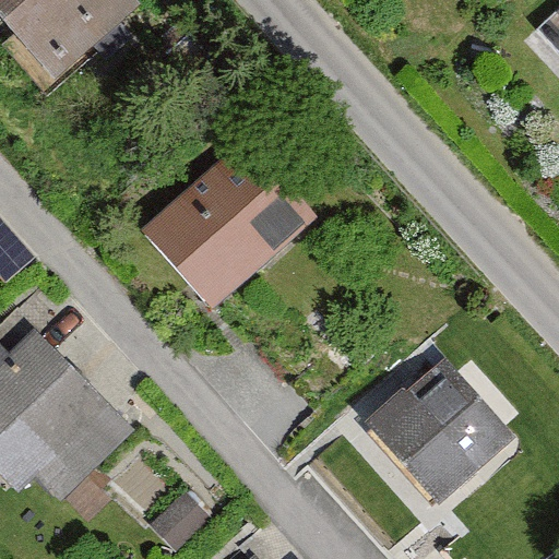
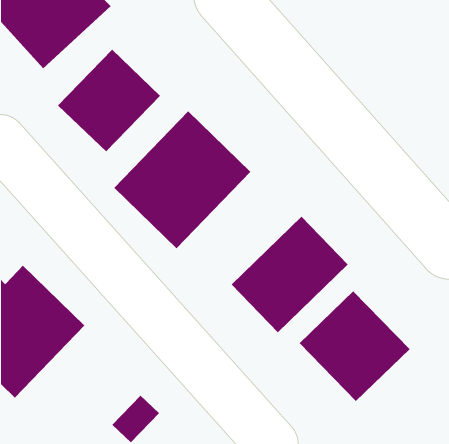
building: none -> [57,49,161,152]
building: none -> [231,216,349,333]

